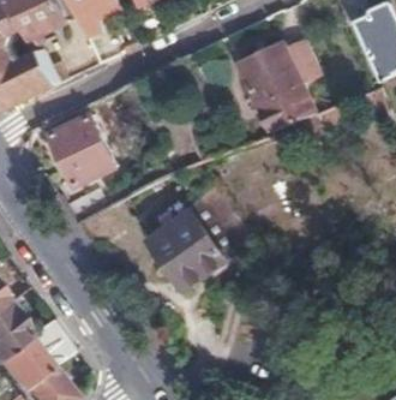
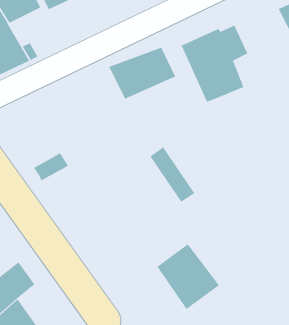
building: none -> [109,46,176,100]
building: [53,113,119,185] -> none
building: [151,210,226,288] -> [157,243,220,310]

